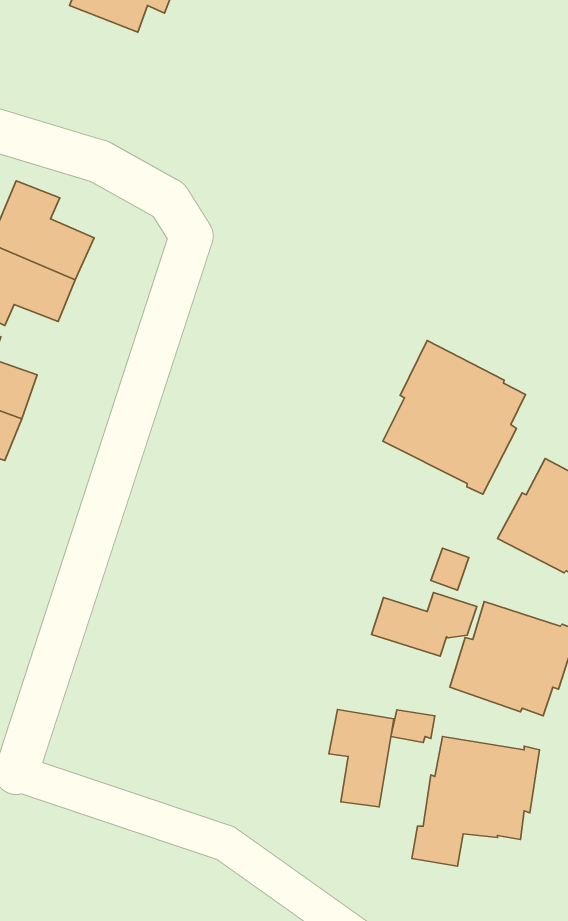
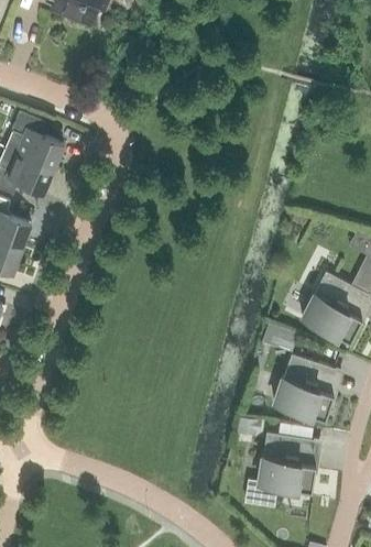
building: [383,340,525,494] -> none
building: [372,592,477,656] -> none
building: [329,709,394,807] -> none

